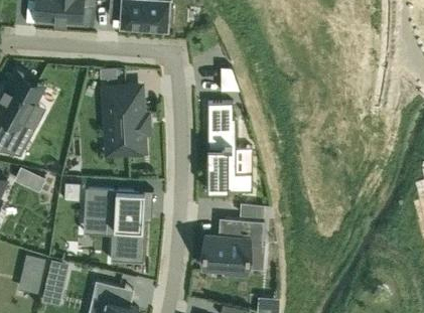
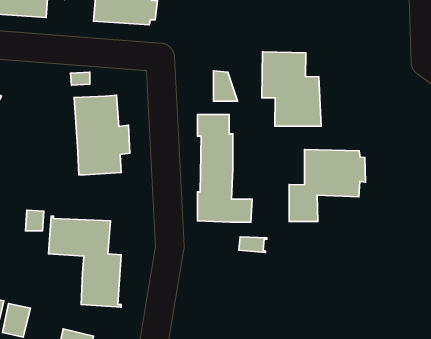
building: none -> [262,52,321,126]
building: none -> [289,150,366,221]
building: [203,219,264,276] -> none

